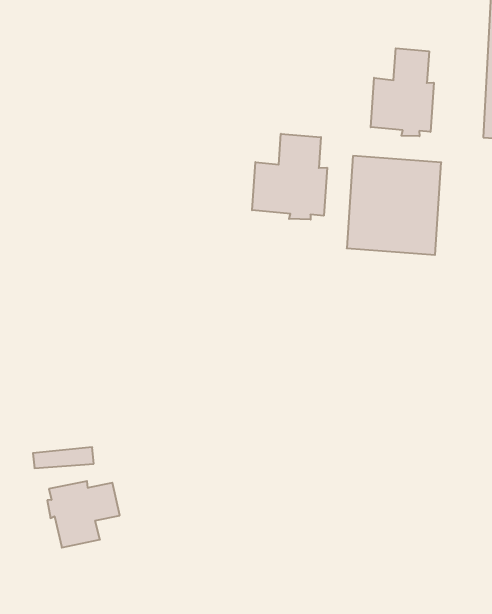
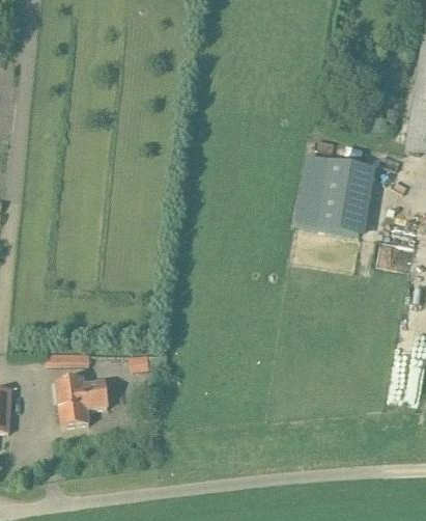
building: [371,48,434,136] -> none
building: [252,134,327,220] -> none

